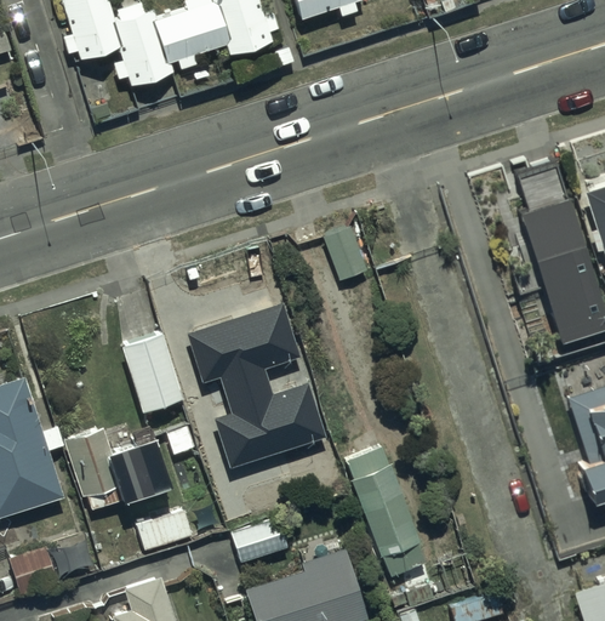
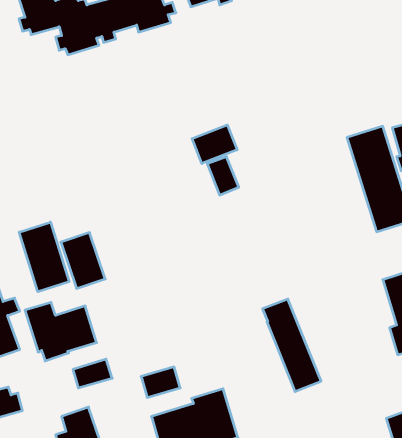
building: none -> [192,125,237,164]
building: [192,304,331,469] -> none
building: none -> [19,222,69,292]
building: [344,446,426,575] -> [263,299,321,392]

